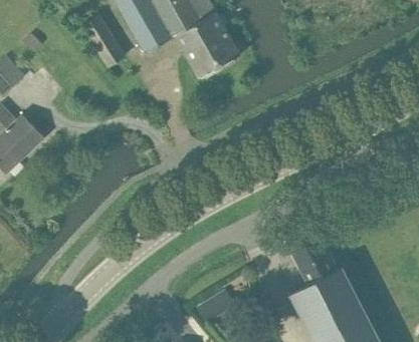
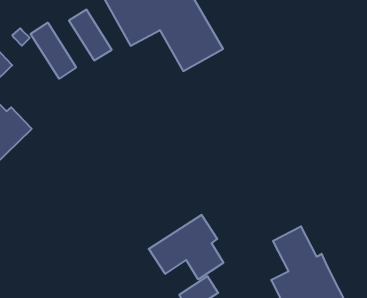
building: none -> [31,23,76,79]
building: none -> [149,215,223,279]

